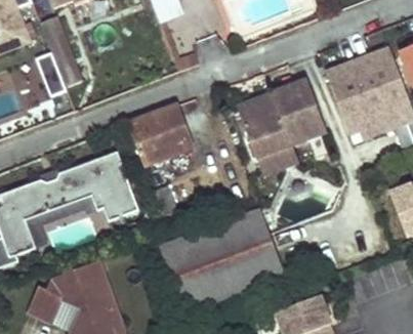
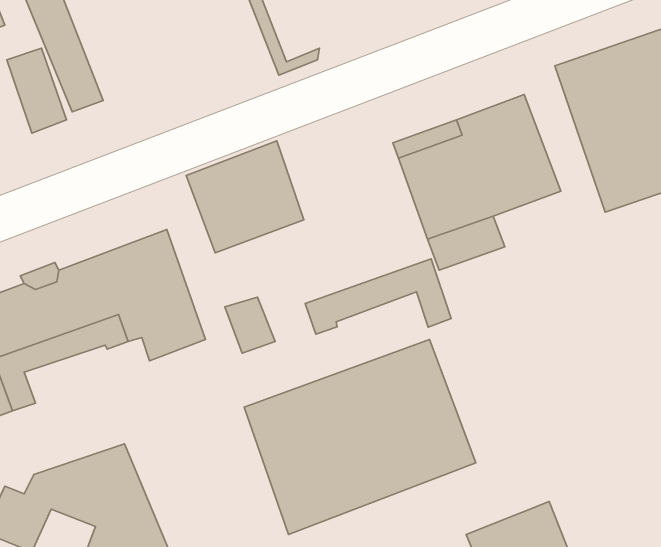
building: none -> [305,259,451,334]

